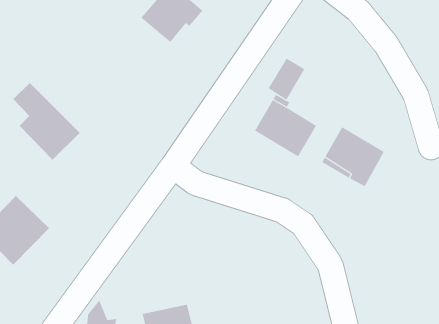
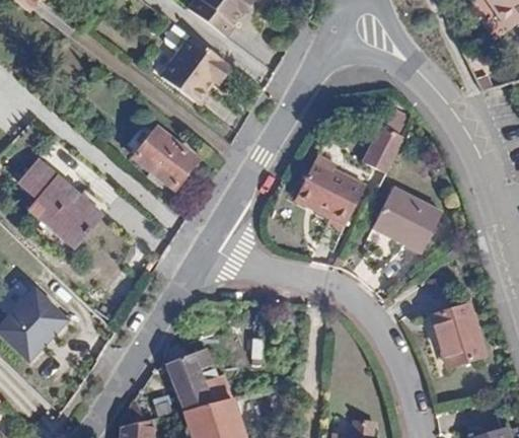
building: [268,58,305,100] -> [363,127,403,174]
building: none -> [133,127,196,188]
building: none -> [430,302,486,367]
building: none -> [166,346,233,411]

